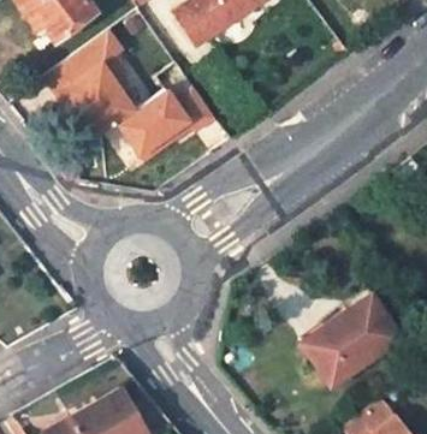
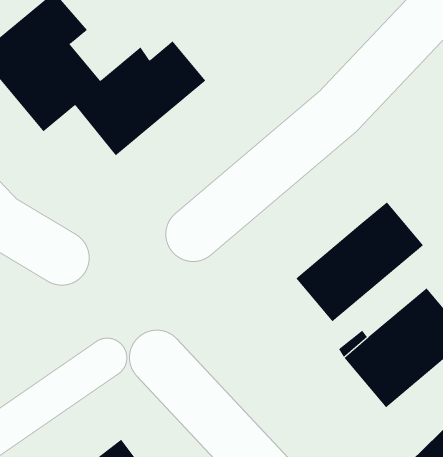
building: none -> [295,202,424,322]

